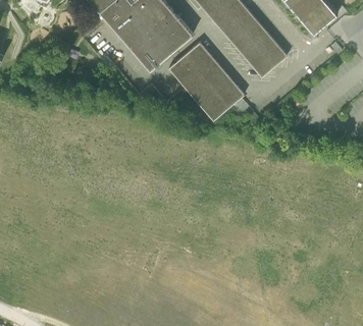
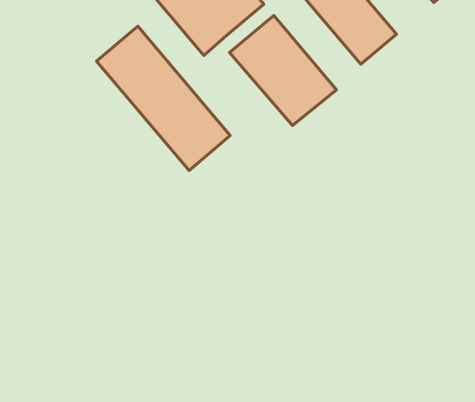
building: none -> [97,26,230,170]

